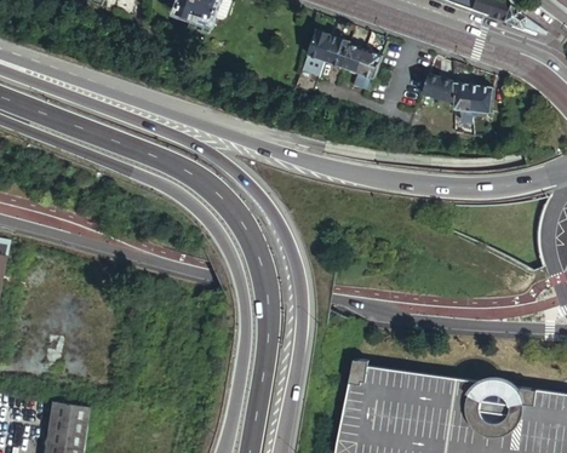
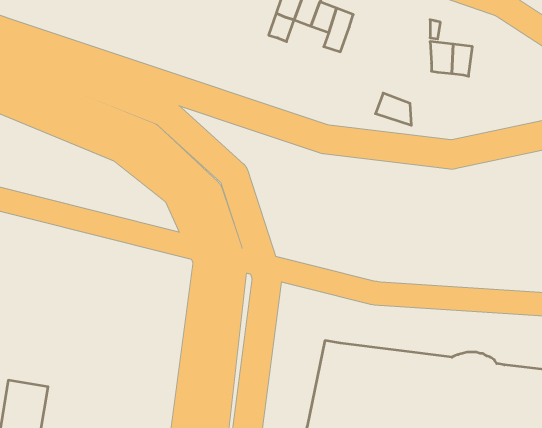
building: [419,71,453,102] -> [375,93,411,125]

